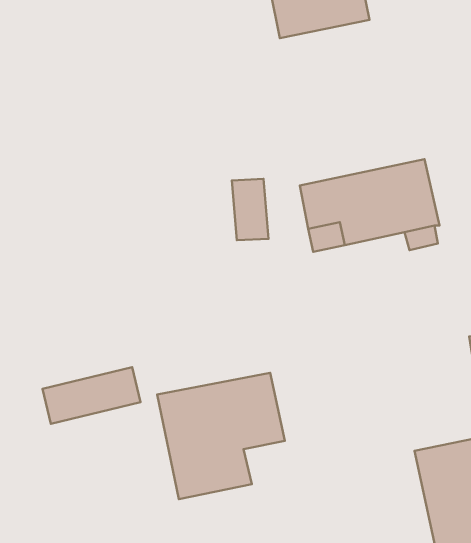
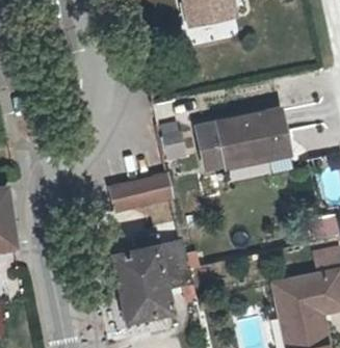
building: [42,367,140,424] -> [113,173,175,209]

